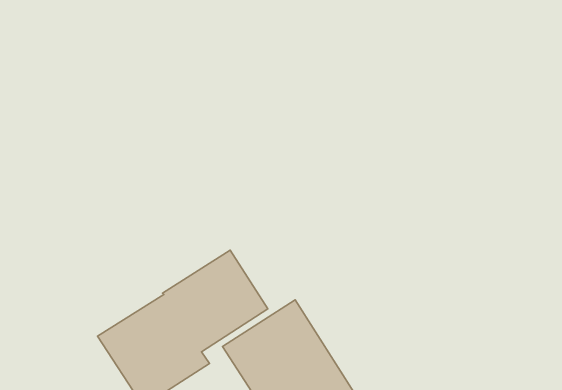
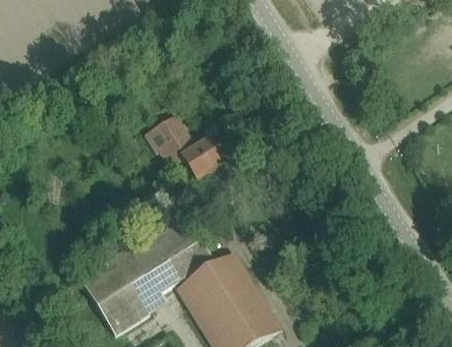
building: none -> [145,115,224,180]

